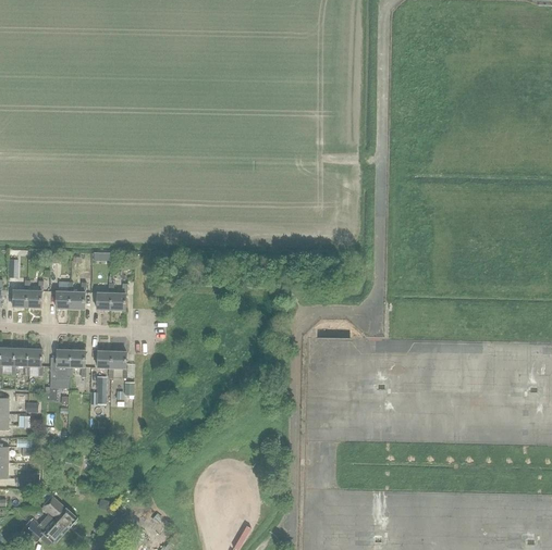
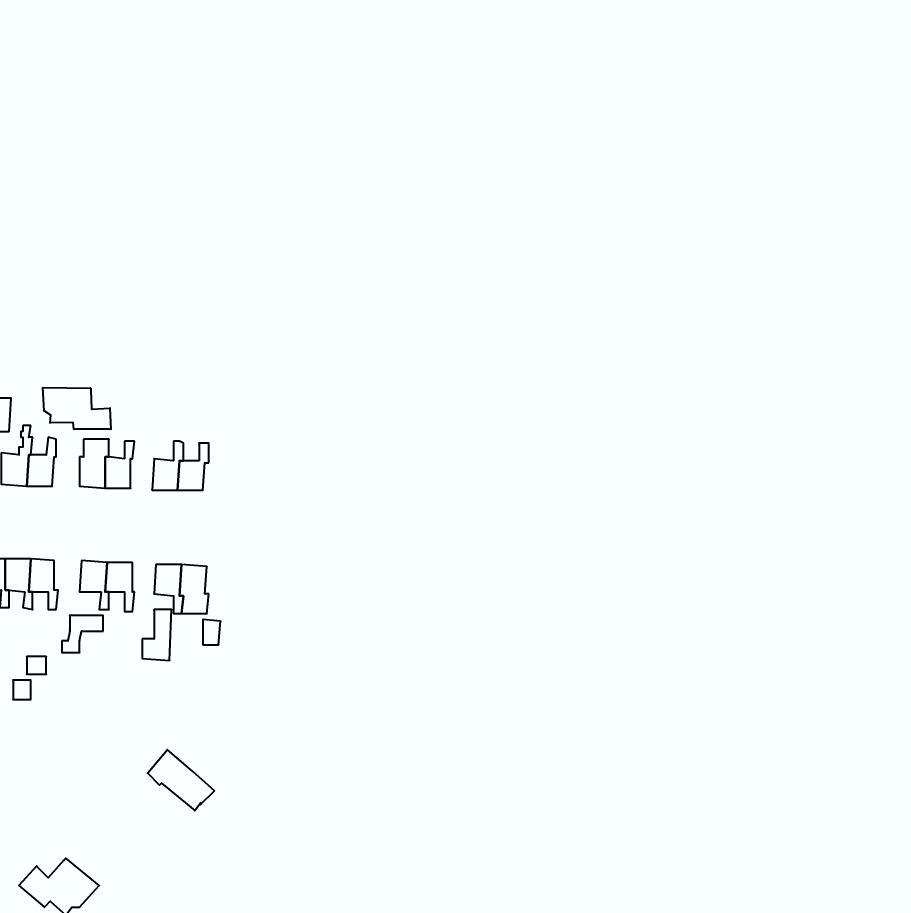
building: none -> [43,388,111,429]
building: [39,495,76,528] -> [148,750,214,811]

